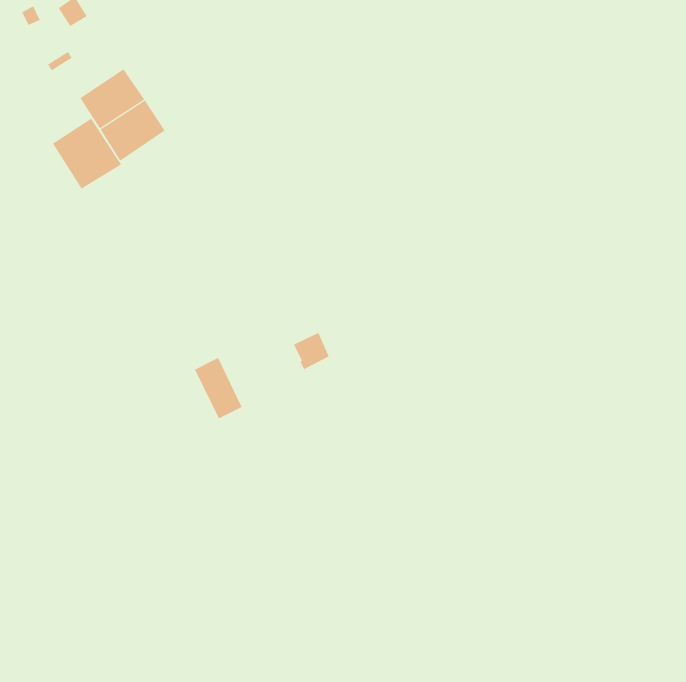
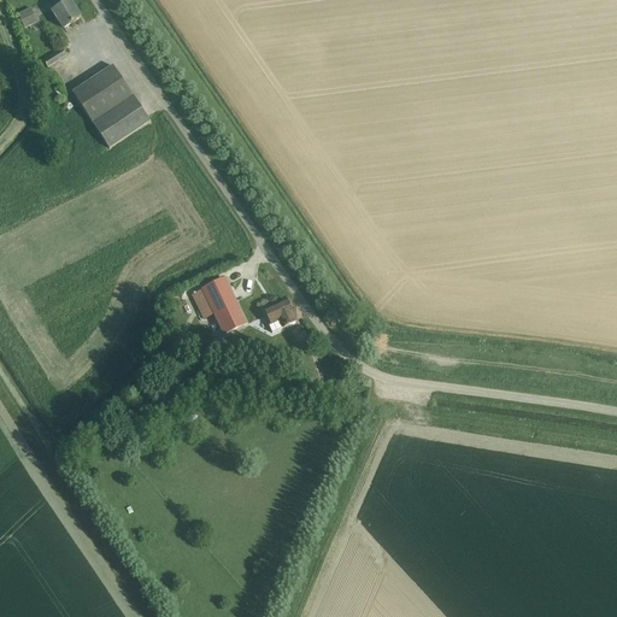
building: [52,118,122,190] -> none
building: [194,357,243,419] -> [201,277,245,333]

